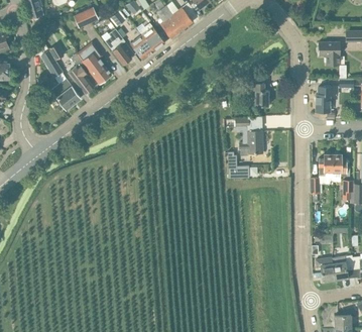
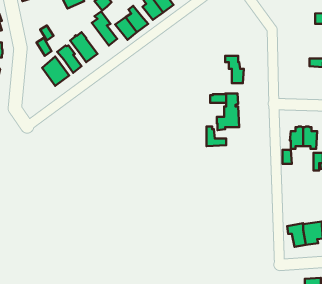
building: [317,42,339,66] -> none
building: [316,87,337,112] -> none

